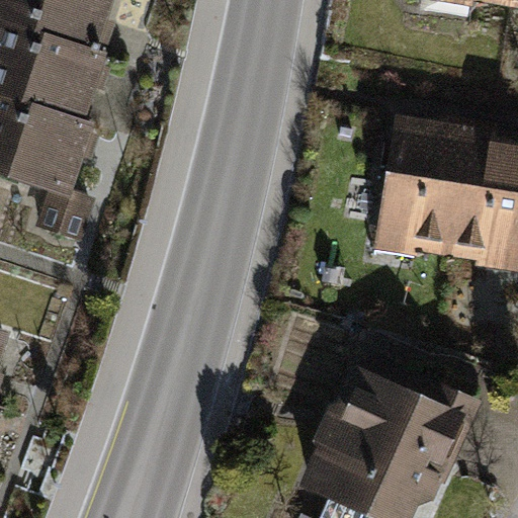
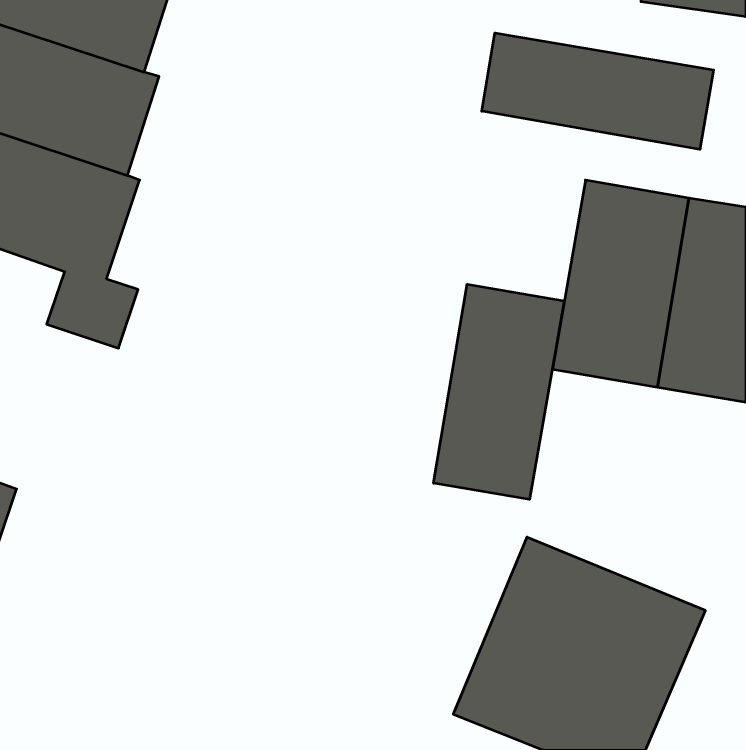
building: none -> [482,33,714,149]
building: none -> [434,284,564,499]

